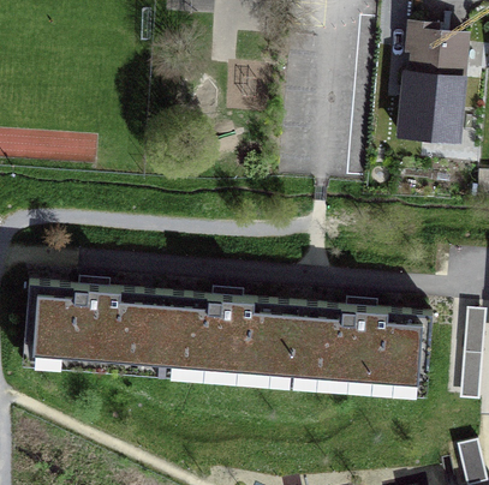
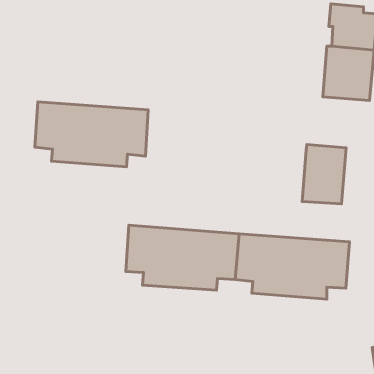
building: none -> [302,144,346,204]
building: [25,289,163,369] -> [35,102,148,167]

